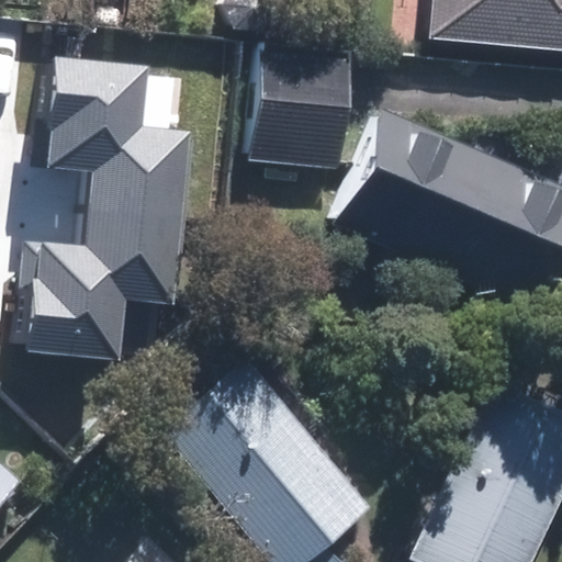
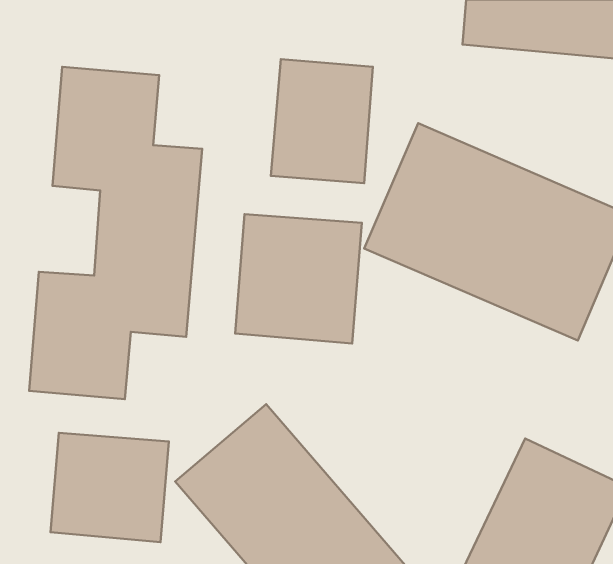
building: none -> [235,214,362,343]
building: none -> [51,433,169,542]

